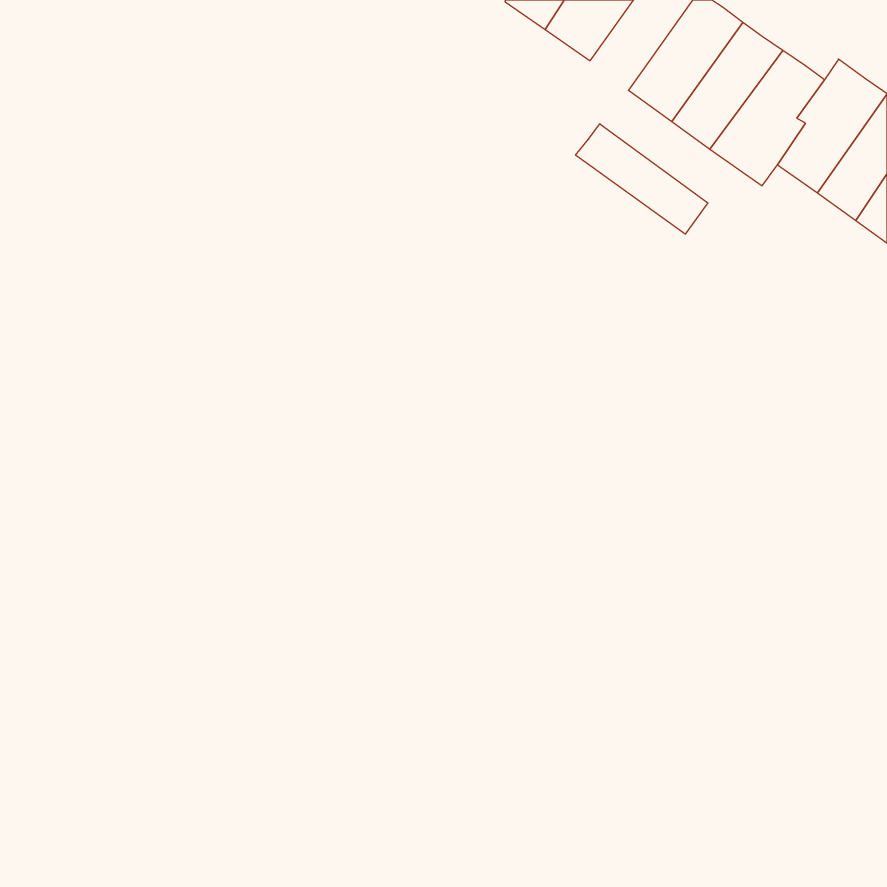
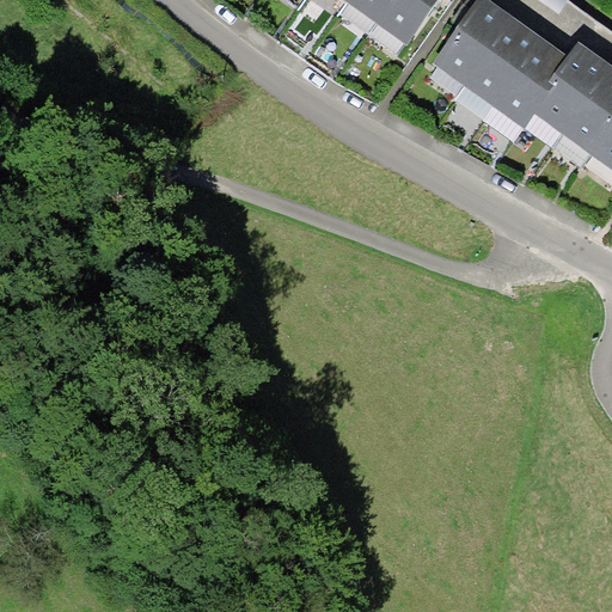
building: [576,124,708,234] -> none

